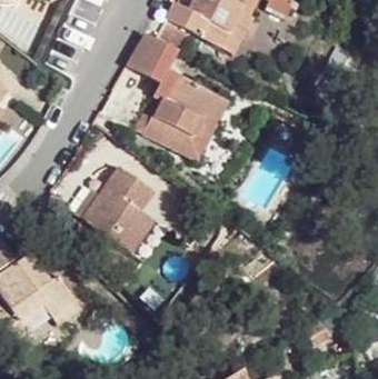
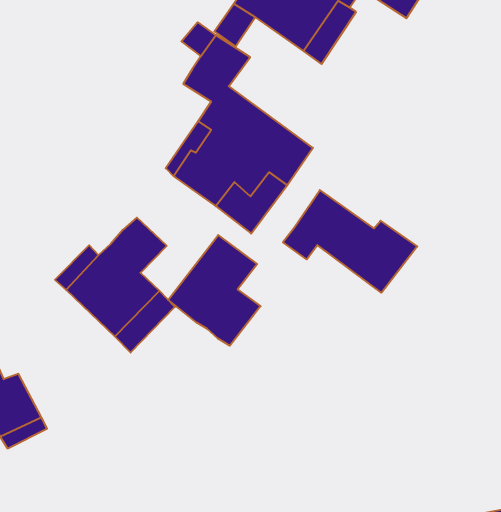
building: none -> [283,190,417,293]
building: none -> [168,235,261,346]

